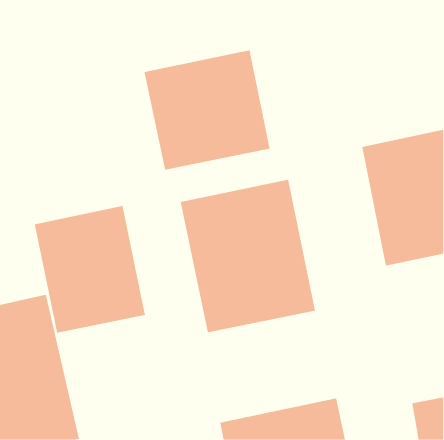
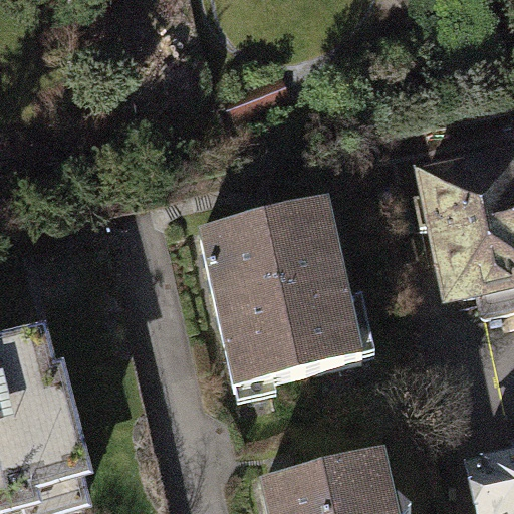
building: [144,50,270,171] -> none
building: [34,205,146,334] -> none

